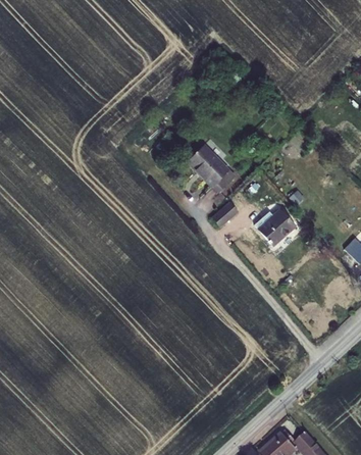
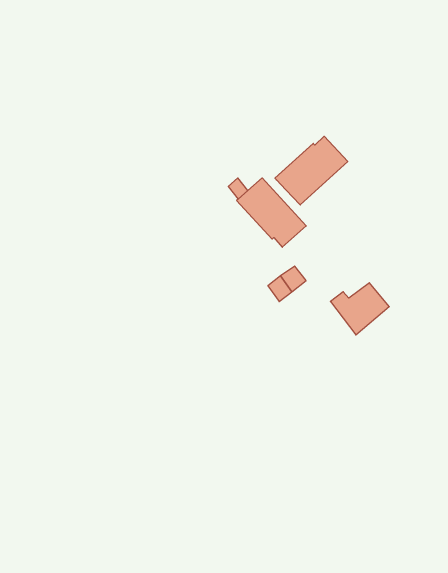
building: none -> [275,136,348,205]

